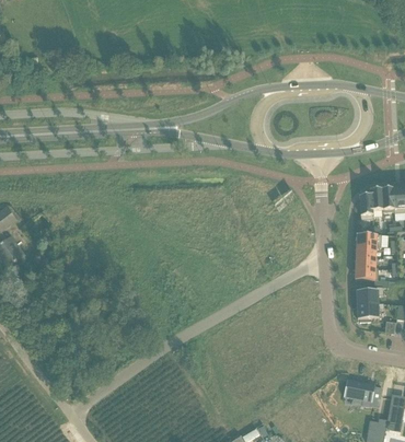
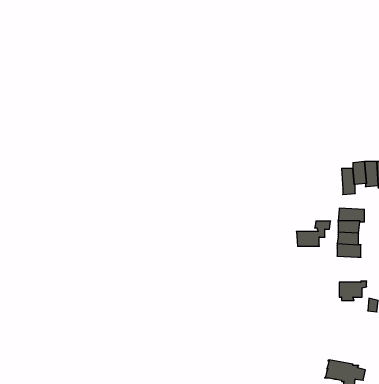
building: [356,280,389,304] -> [296,221,331,246]

